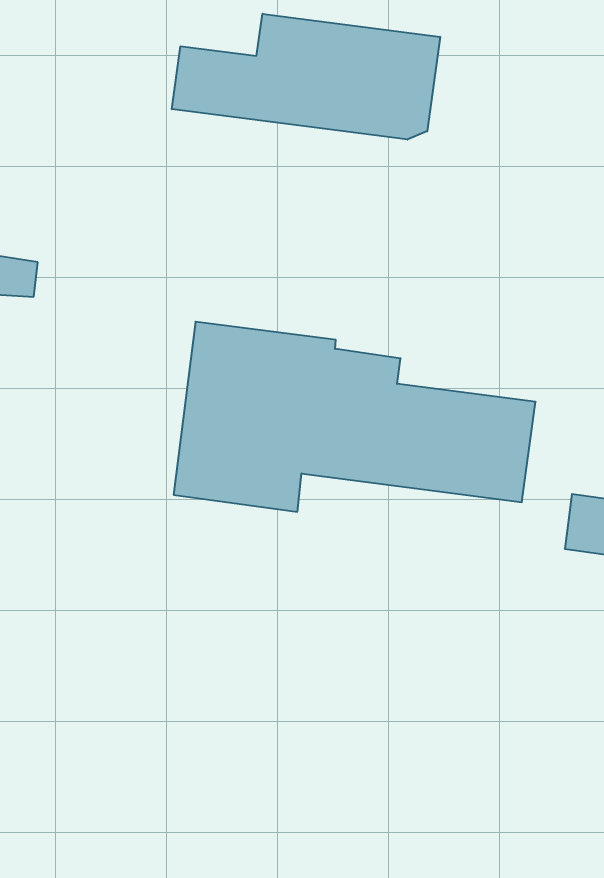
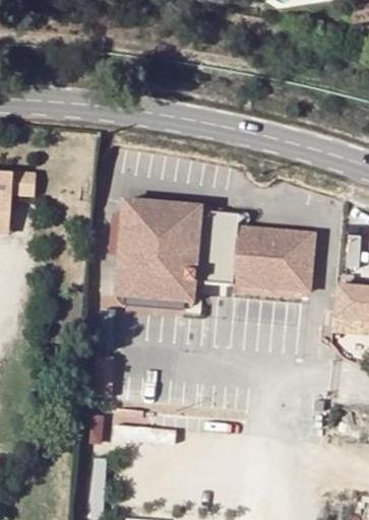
building: [172,14,440,140] -> none

